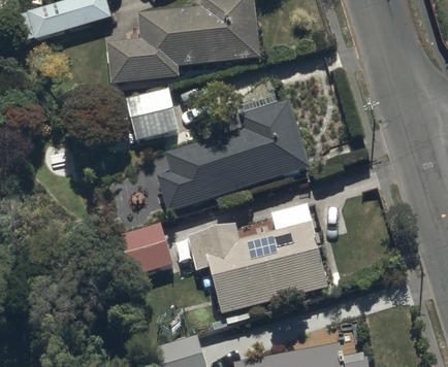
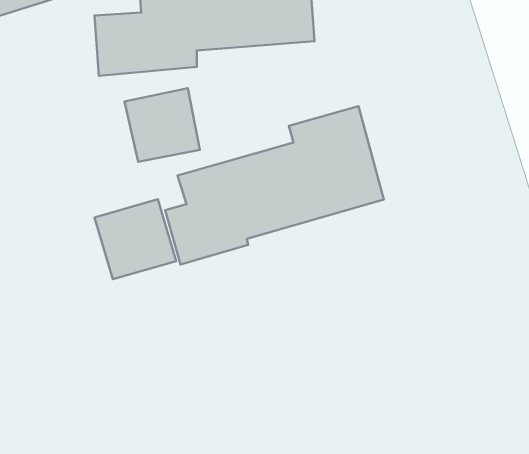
building: [117,221,172,275] -> [95,199,176,279]
building: [197,221,326,314] -> none

